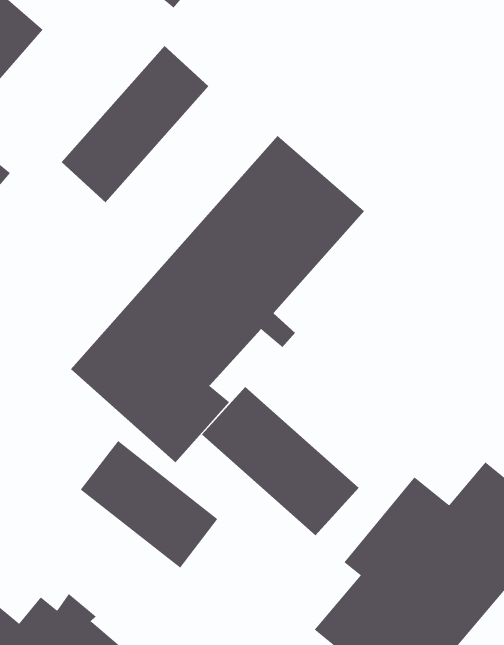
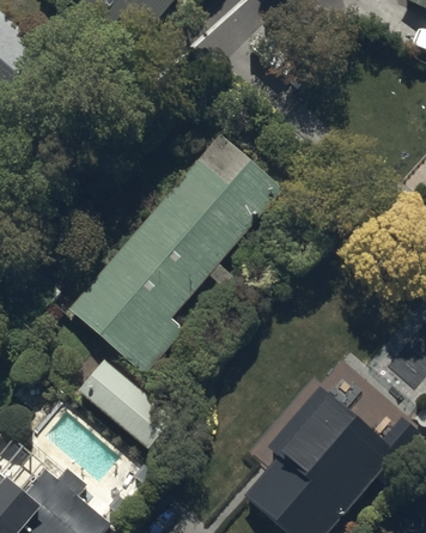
building: [61,45,209,203] -> none
building: [201,386,360,536] -> none

